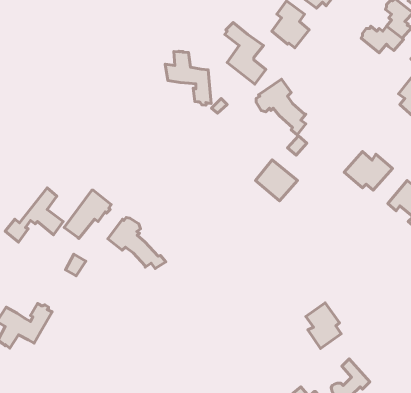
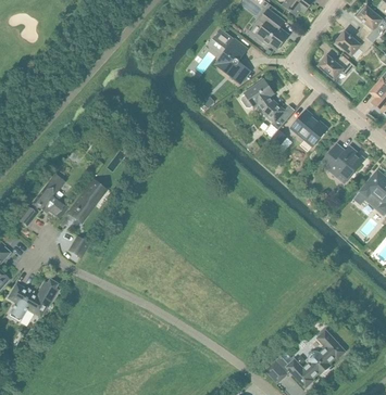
building: [165,51,211,105] -> none
building: none -> [319,53,354,78]
building: [255,160,298,201] -> [290,109,328,145]
building: [108,218,166,268] -> none
building: [306,303,341,349] -> none

